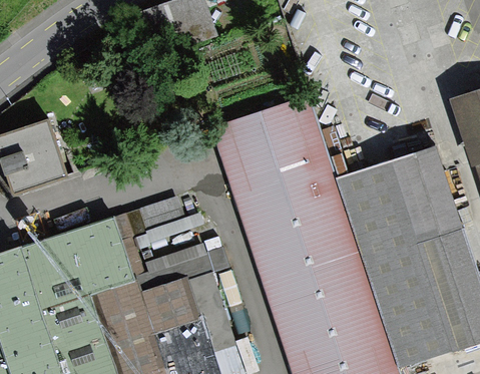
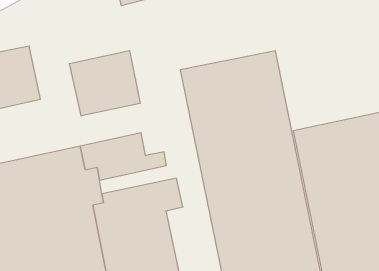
building: none -> [69,51,140,116]

